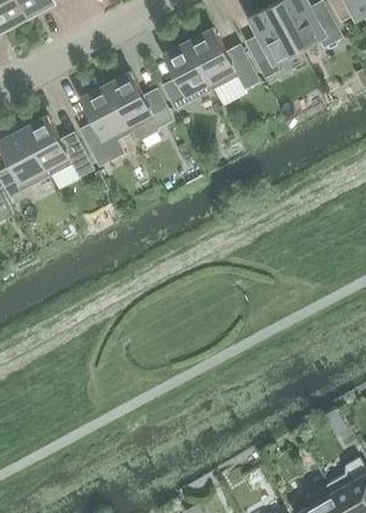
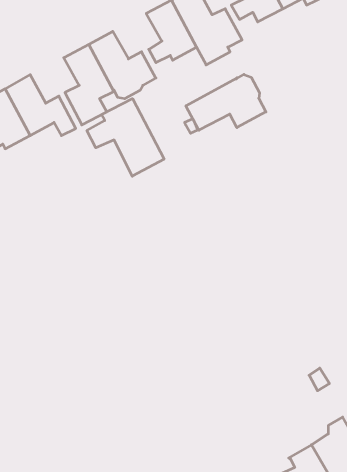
building: none -> [186,74,266,130]
building: none -> [87,99,164,176]

